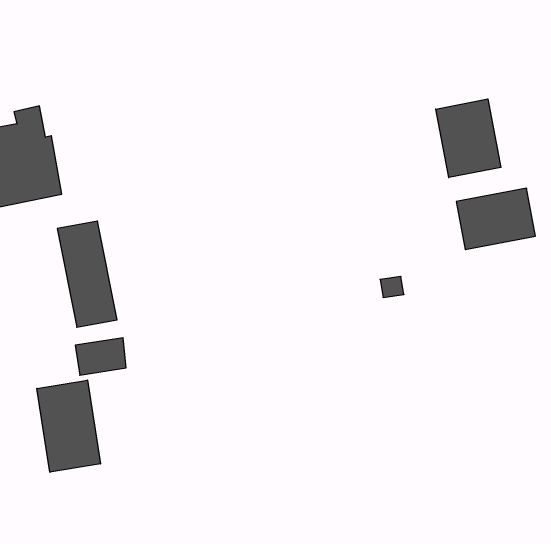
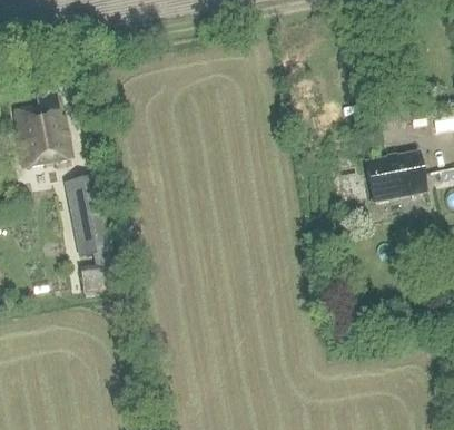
building: [436,99,501,178] -> none
building: [37,380,100,472] -> none

